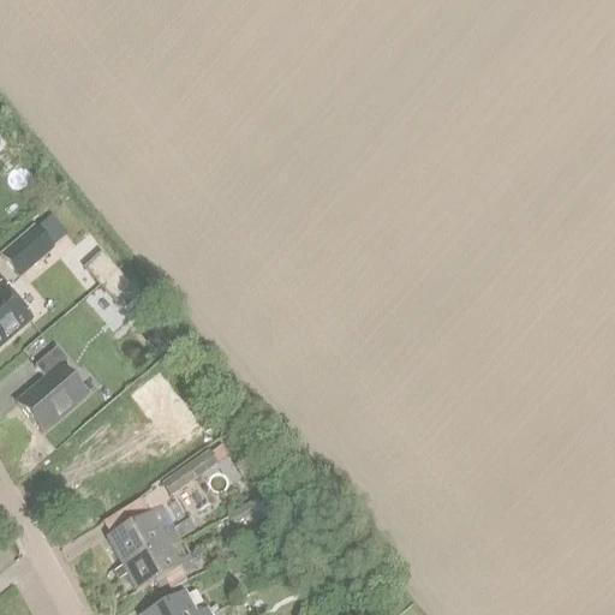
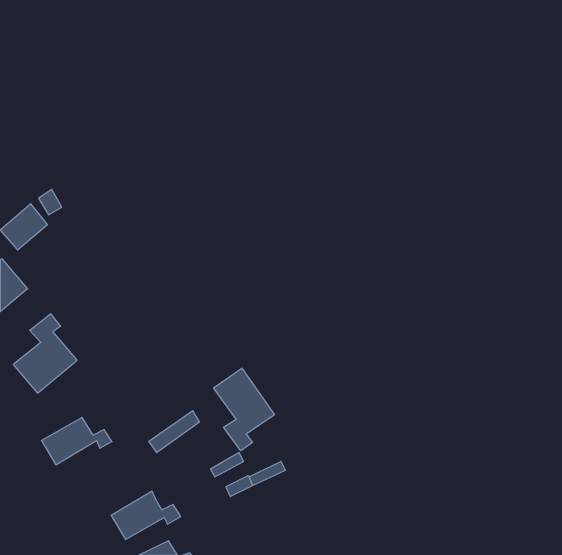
building: none -> [214,368,275,451]
building: [107,510,184,562] -> [41,417,112,465]

